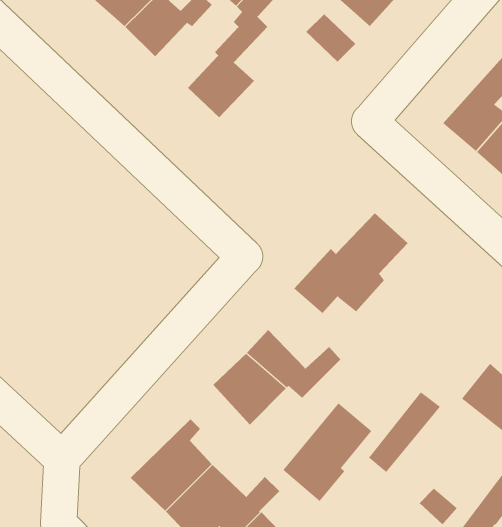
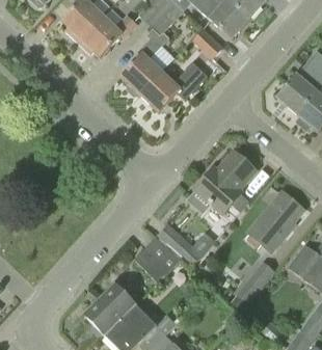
building: none -> [139,70,194,111]
building: [283,402,372,502] -> [248,191,303,252]

